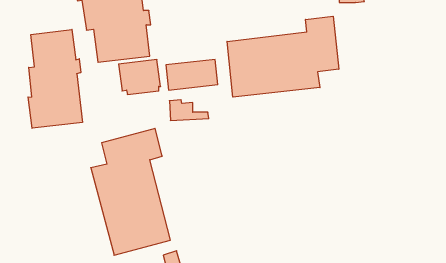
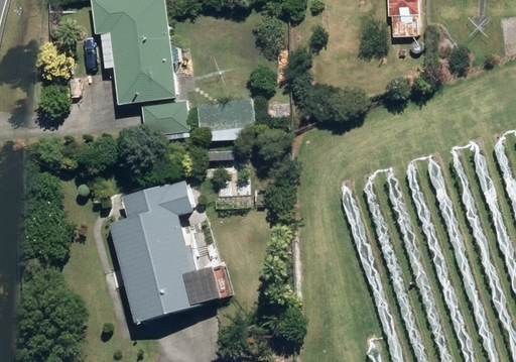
building: [227,16,339,97] -> none
building: [28,29,82,128] -> none

